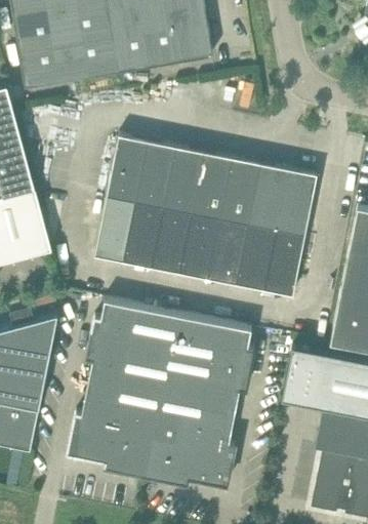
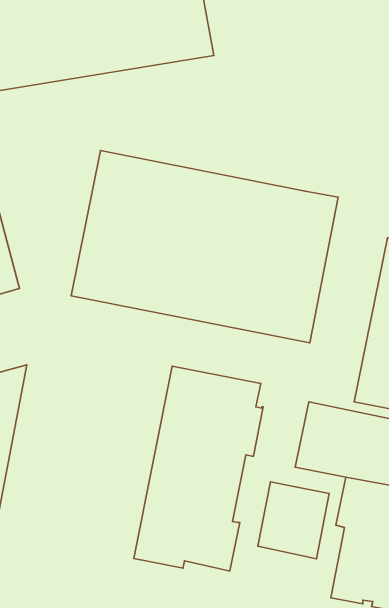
building: [68,300,178,476] -> none
building: none -> [258,482,329,559]

